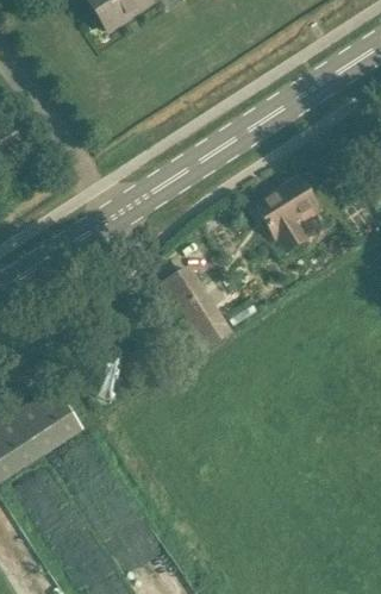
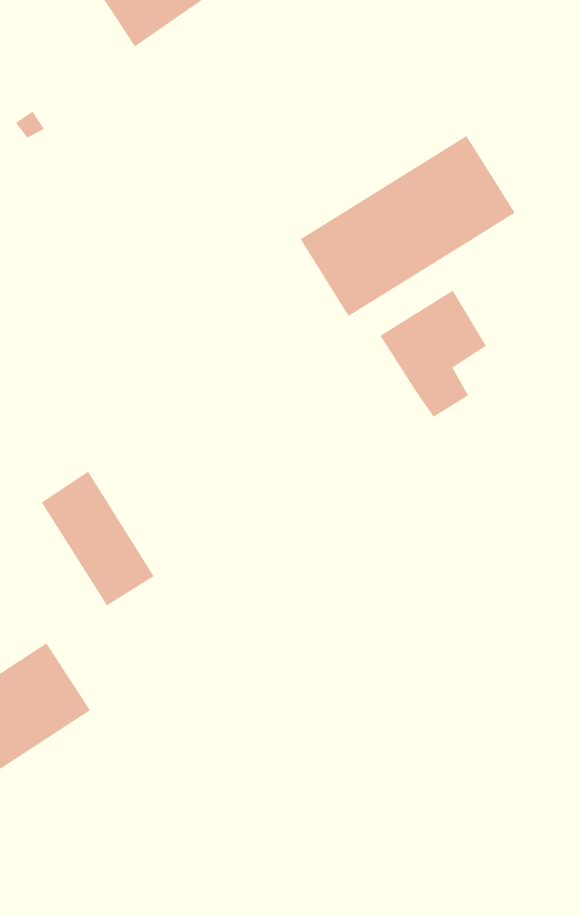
building: none -> [300,135,516,317]
building: [162,269,230,350] -> [41,471,154,606]

